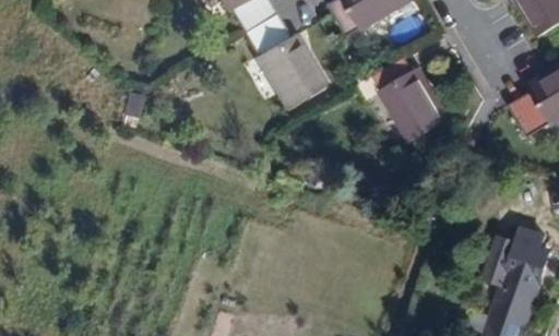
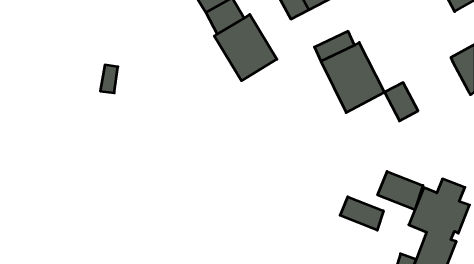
building: [511,88,550,133] -> [384,83,418,121]
building: none -> [378,171,423,210]
building: none -> [340,197,383,230]

